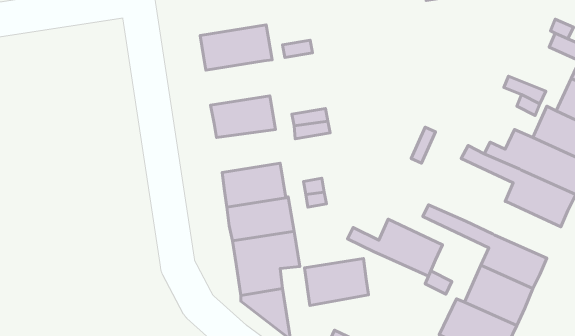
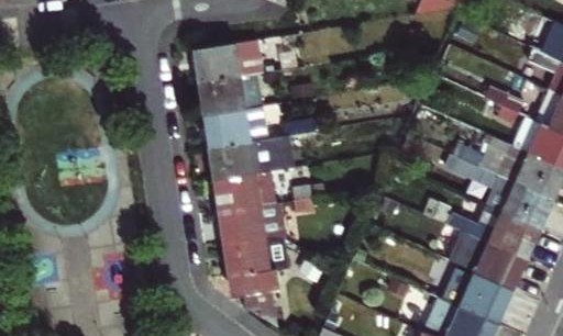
building: none -> [201,72,262,114]
building: none -> [211,137,272,178]
building: [347,219,443,276] -> [448,205,538,259]
building: [304,259,368,305] -> none

